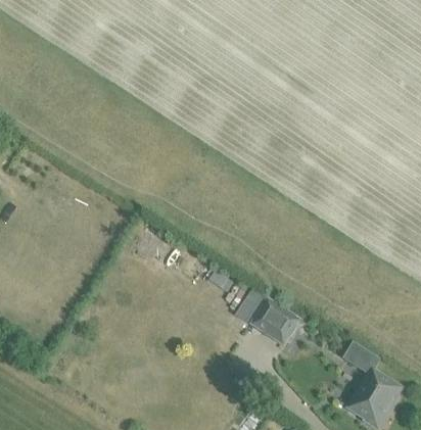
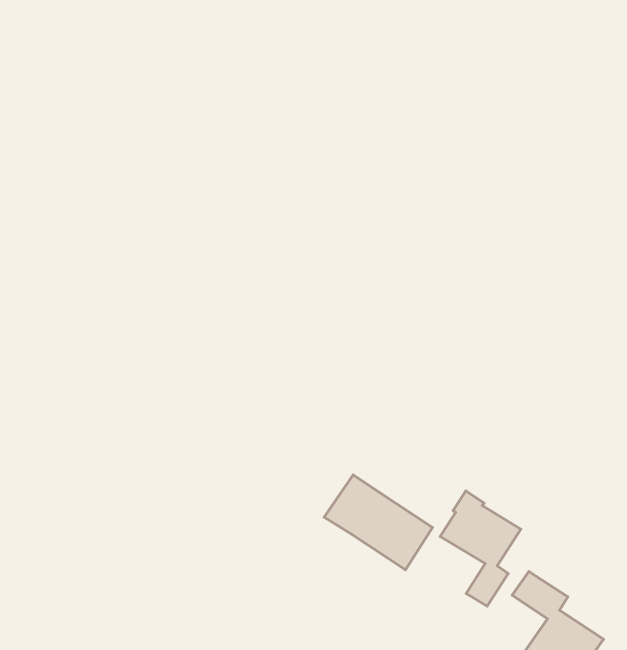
building: none -> [440,491,521,606]

